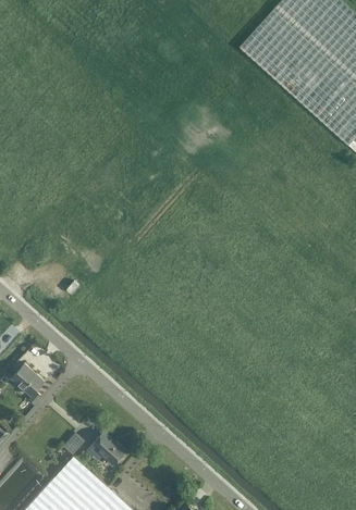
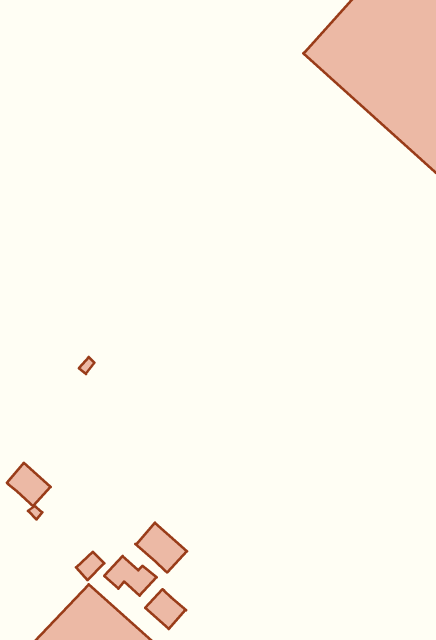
building: none -> [135,523,187,572]
building: none -> [145,589,186,629]

